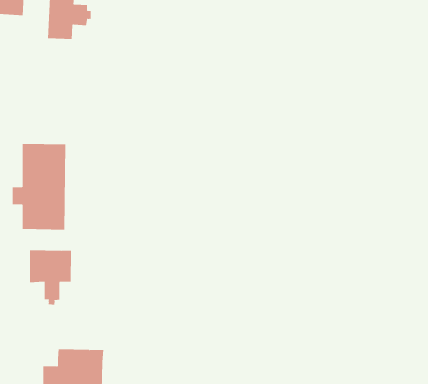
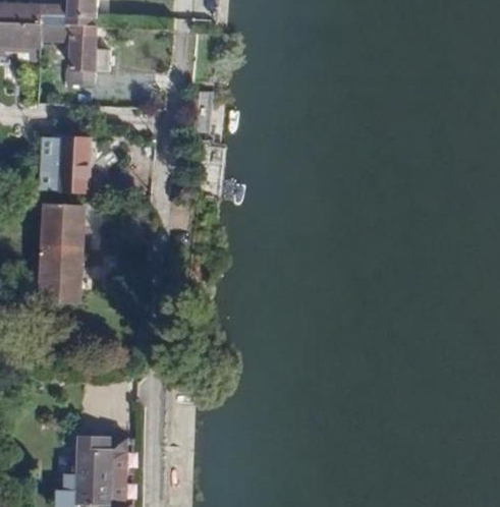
building: none -> [55,133,88,198]
building: [29,249,72,305] -> none

